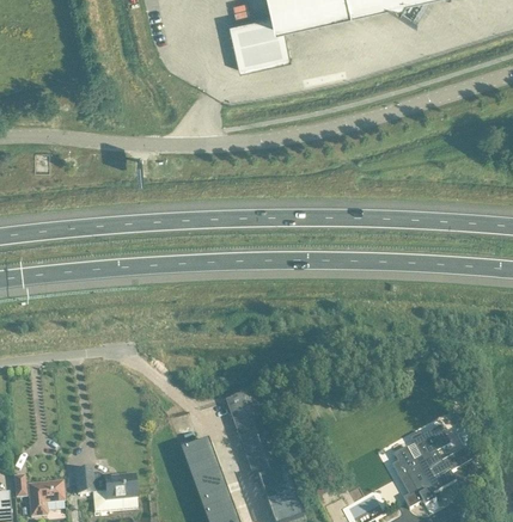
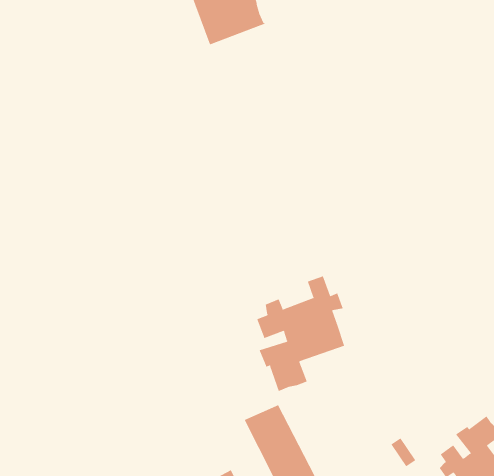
building: none -> [257,275,345,392]

